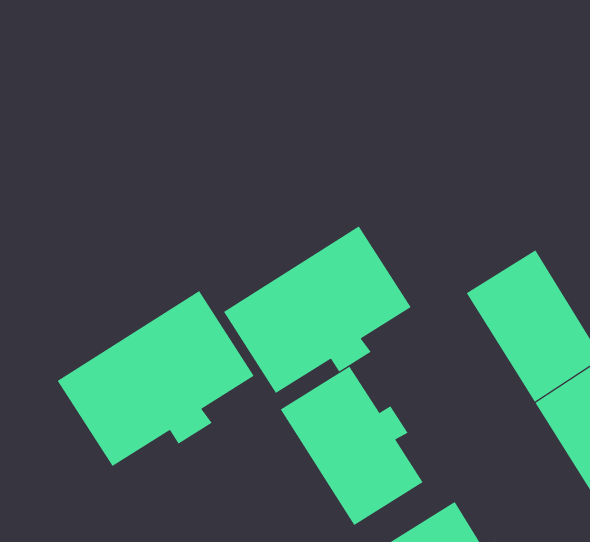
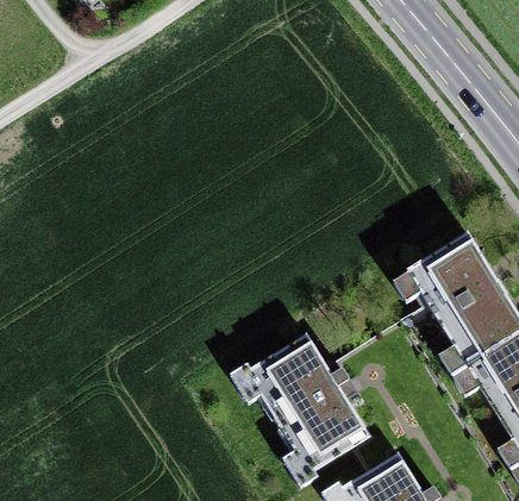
building: [223,225,411,394] -> none
building: [57,290,255,467] -> none

